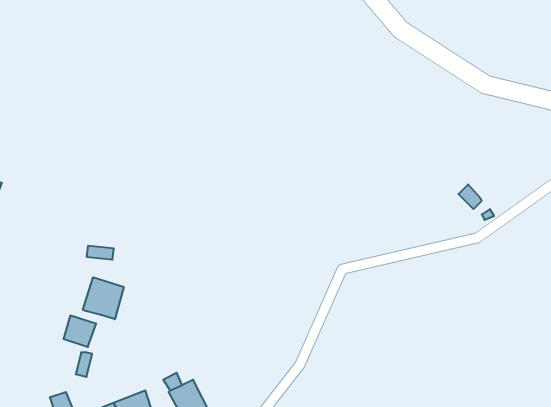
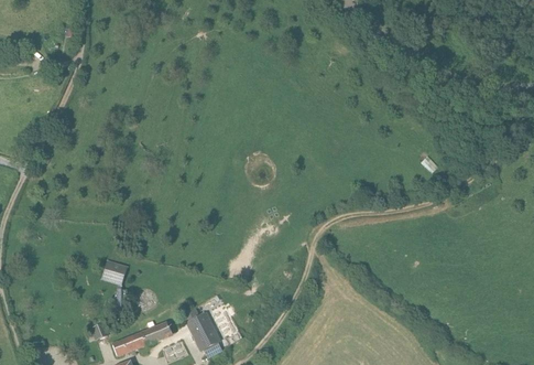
building: [83,277,124,319] -> none

